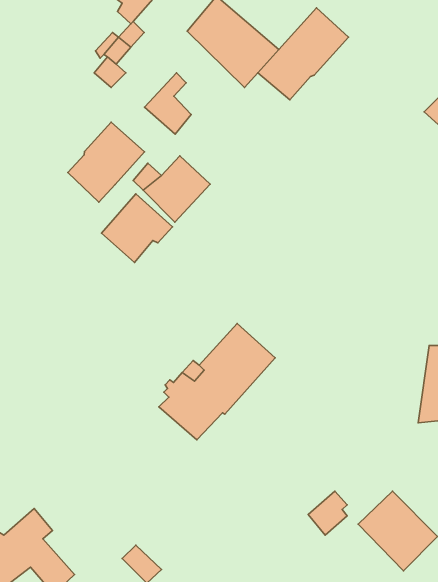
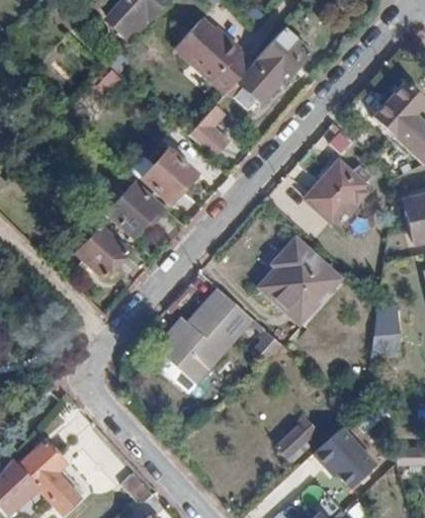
building: [145,73,191,134] -> [186,106,225,157]
building: [68,122,144,202] -> none
building: none -> [306,160,370,219]
building: none -> [73,226,124,276]
building: none -> [264,240,343,322]

